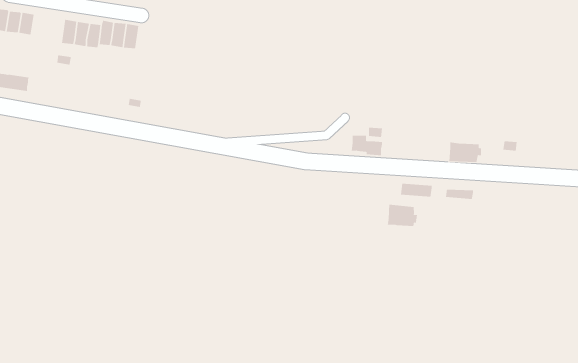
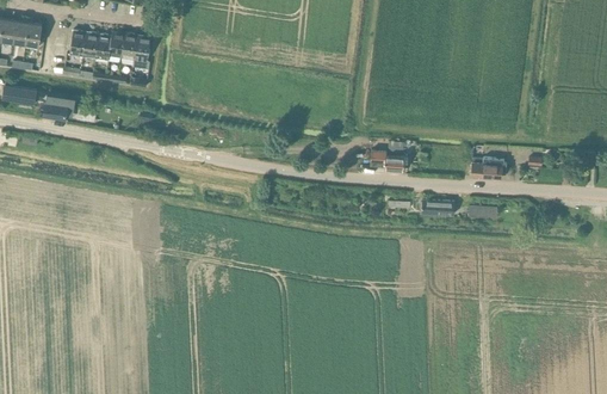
building: none -> [42,94,75,121]
building: [387,204,417,227] -> none

